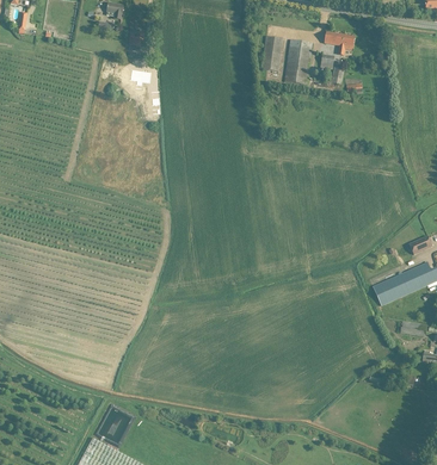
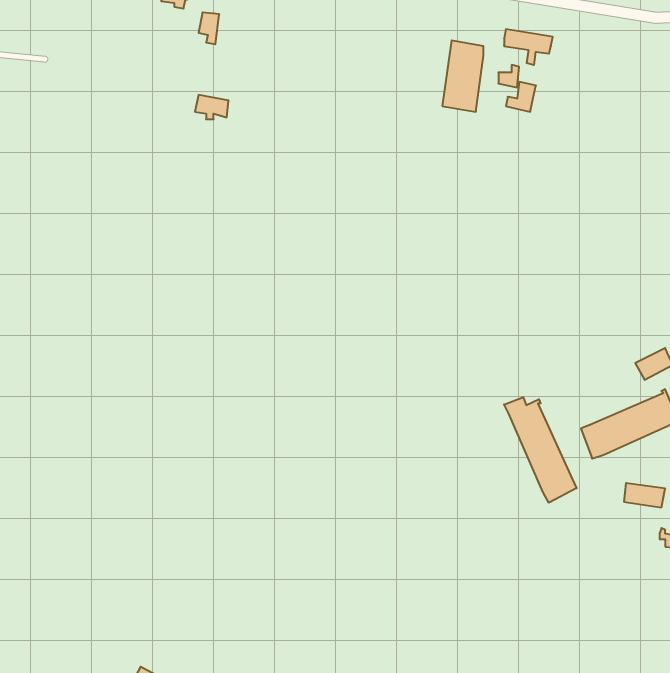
building: [260,36,282,72] -> none
building: none -> [504,397,577,503]

